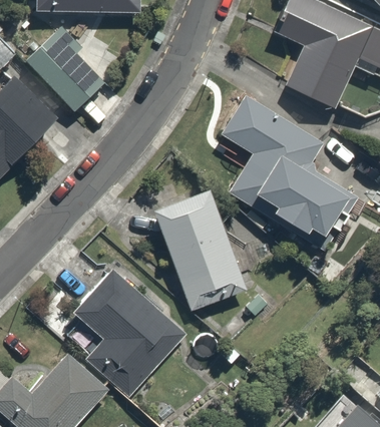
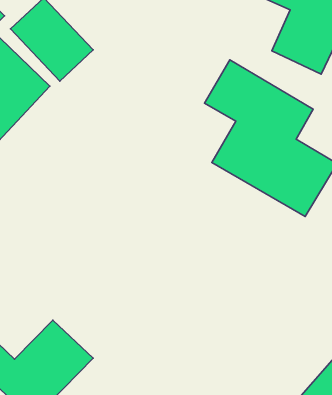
building: [152,193,245,314] -> none
building: [57,271,187,400] -> none

